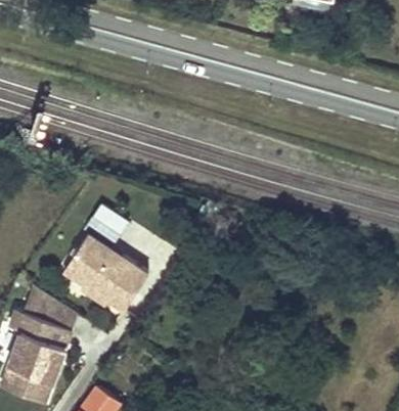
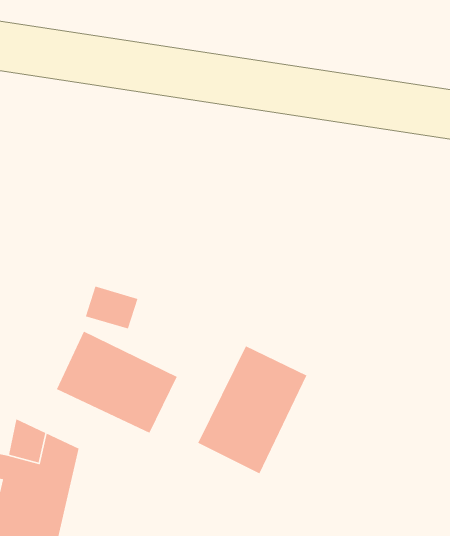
building: none -> [197,345,307,475]

